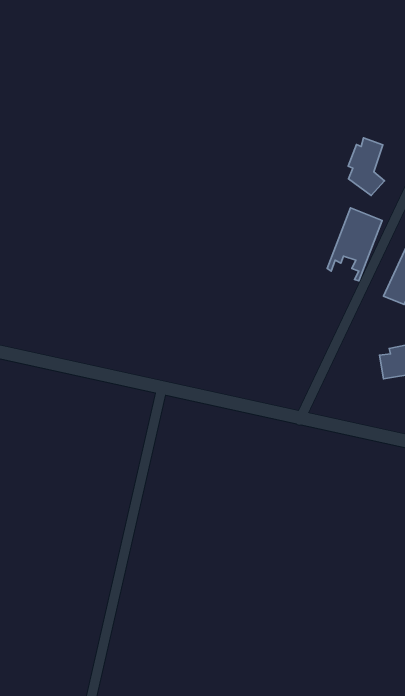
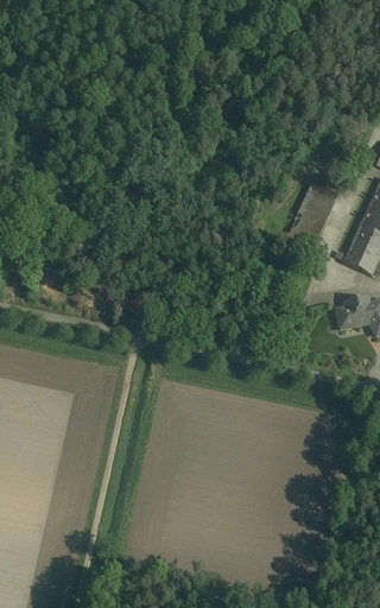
building: [348,138,384,196] -> none

